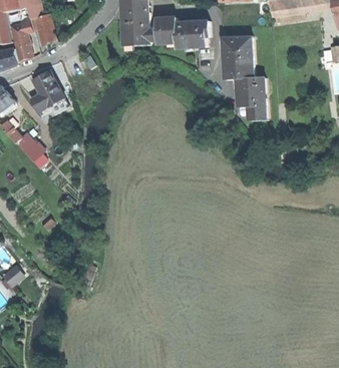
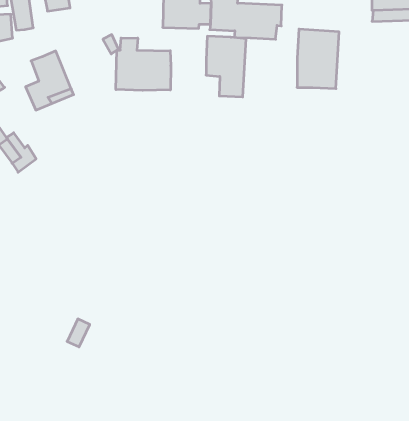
building: none -> [116,38,171,90]
building: [236,77,266,120] -> [206,36,246,97]

